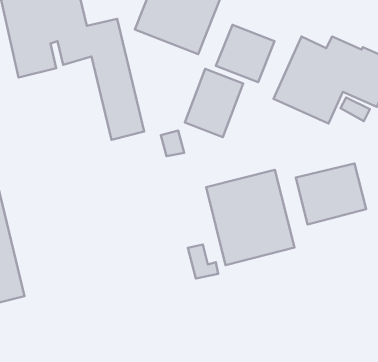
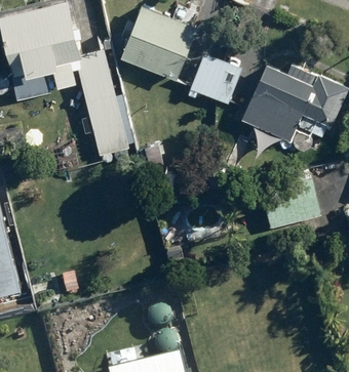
building: [185,69,243,137] -> none
building: [206,170,294,265] -> none

